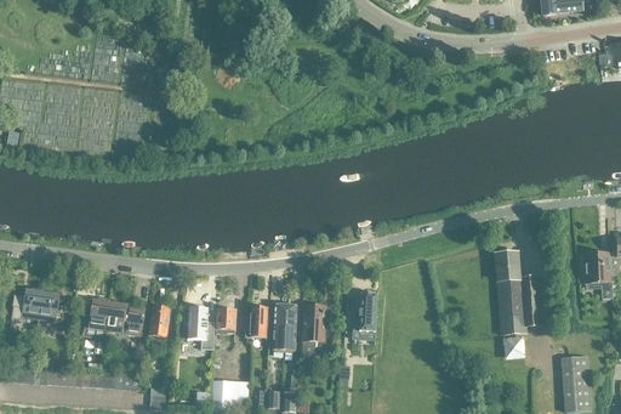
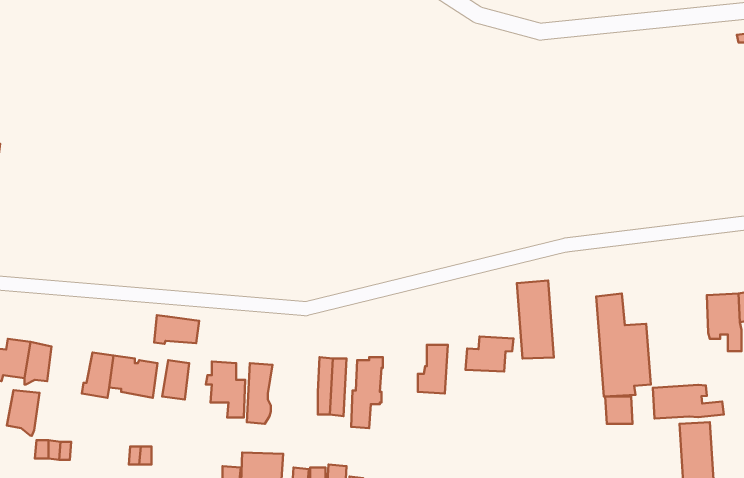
building: none -> [517,280,554,359]
building: none -> [154,315,199,344]
building: none -> [466,336,513,371]
building: [245,304,267,336] -> none
building: none -> [653,385,724,418]
building: none -> [7,390,39,436]

